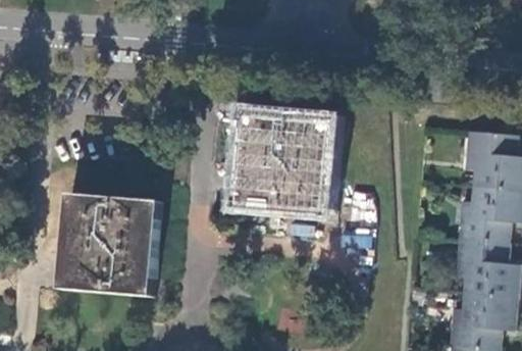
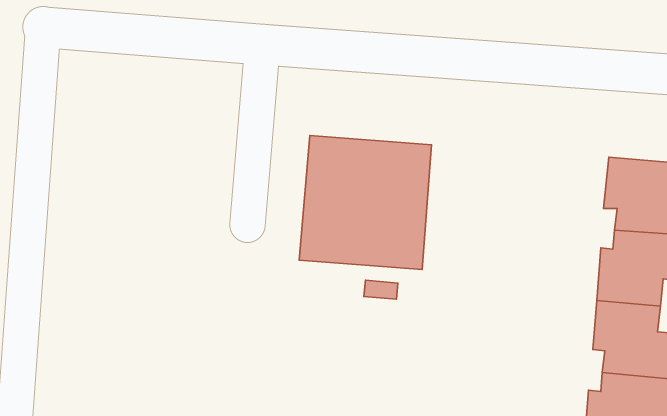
building: [59,194,158,296] -> none

